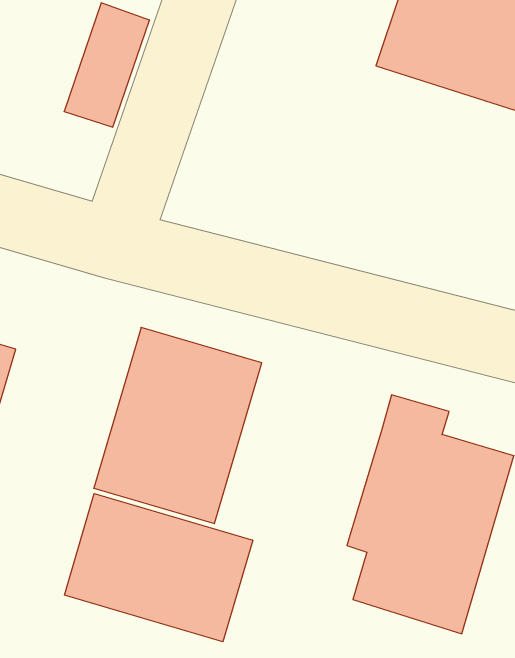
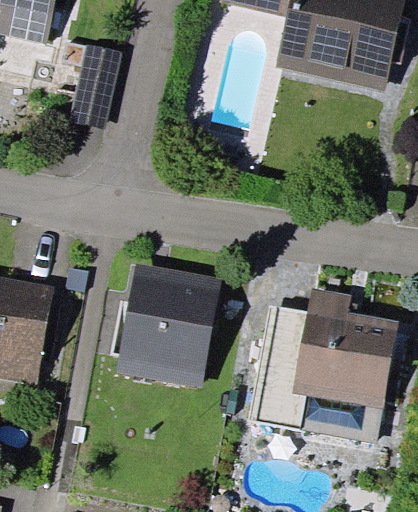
building: none -> [250,305,307,429]
building: [64,494,253,642] -> none

